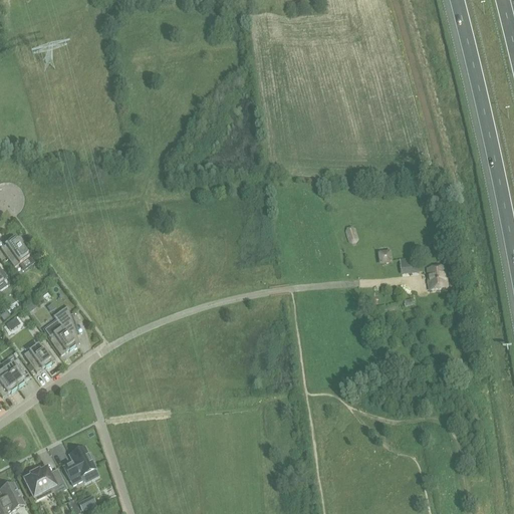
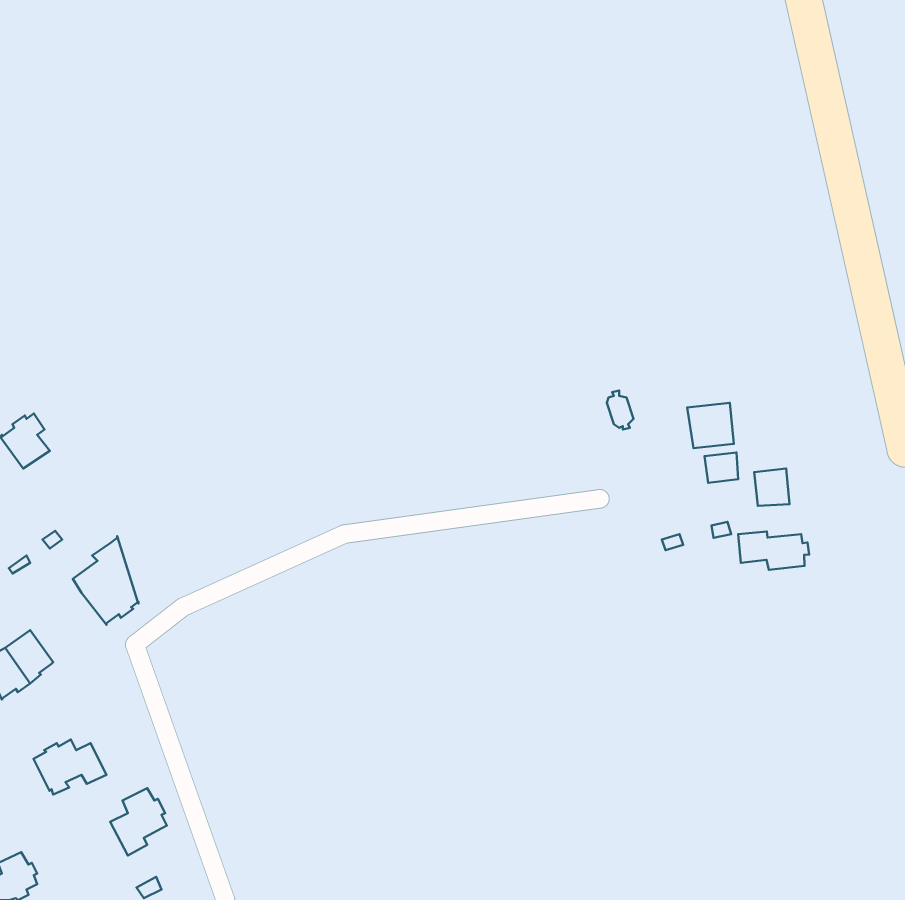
building: none -> [687,403,734,448]
building: none -> [738,532,809,570]
building: [22,342,54,370] -> none
building: [24,467,65,498] -> [34,739,106,794]

